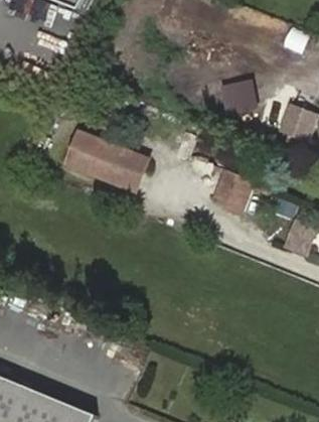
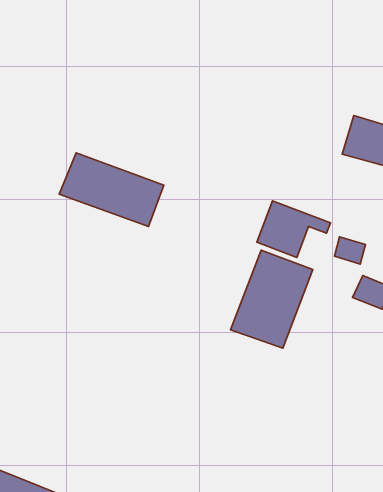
building: [222,81,256,114] -> none
building: none -> [231,250,313,348]

